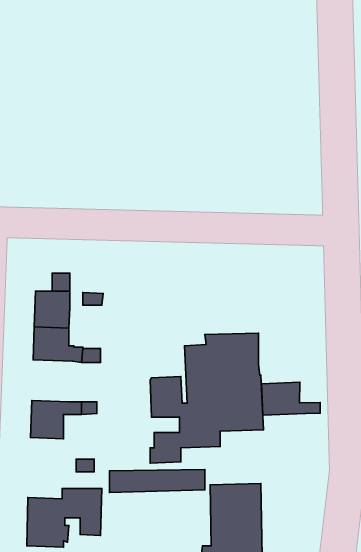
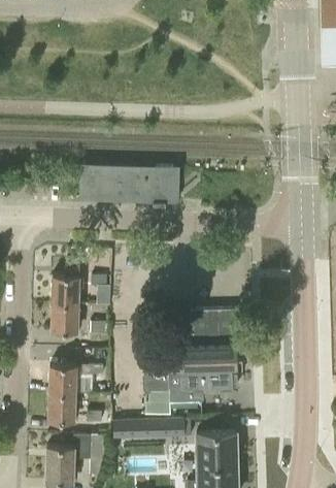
building: none -> [85,166,178,205]
building: [262,382,320,415] -> none
building: none -> [48,394,76,422]

